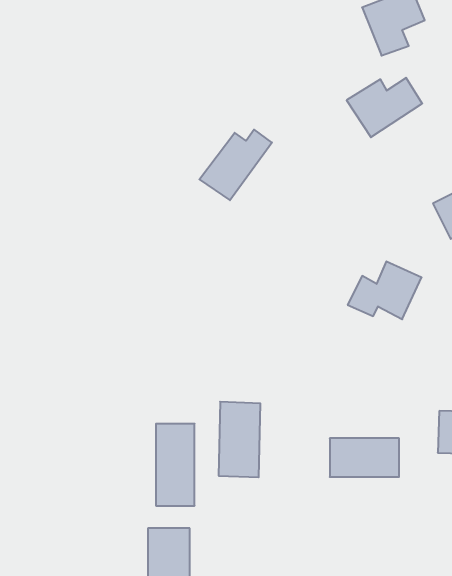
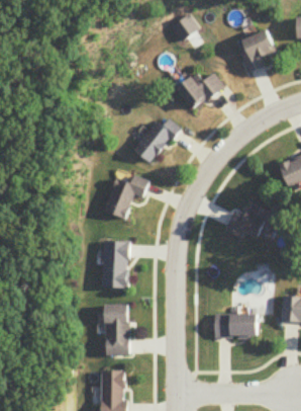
building: [347,78,422,137] -> [176,73,223,110]
building: none -> [104,175,147,219]
building: [219,402,260,477] -> [102,241,128,289]

